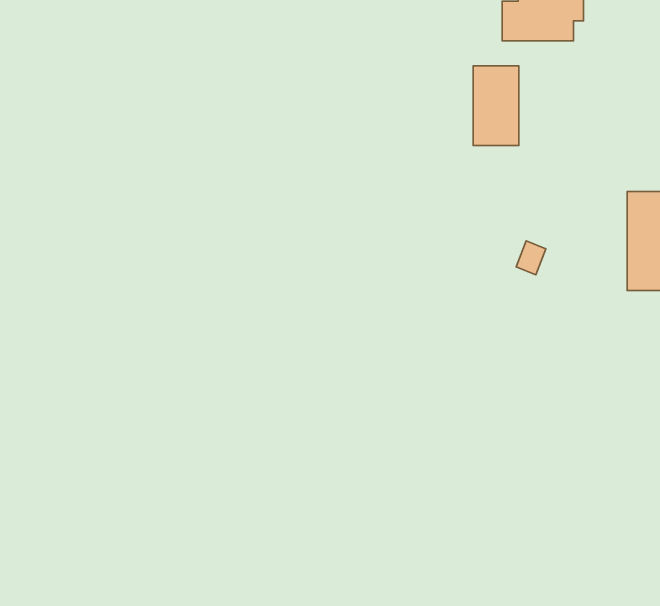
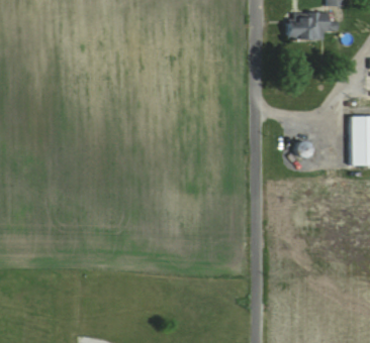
building: [473,66,519,146] -> none

